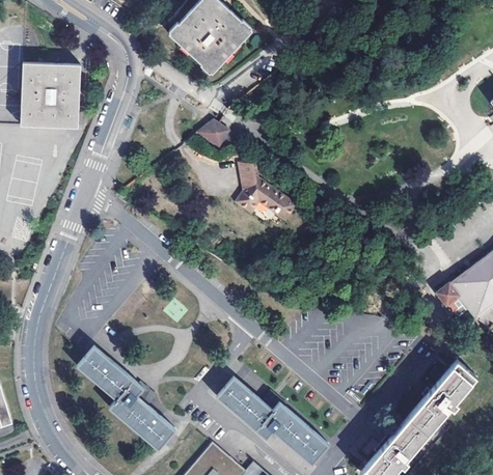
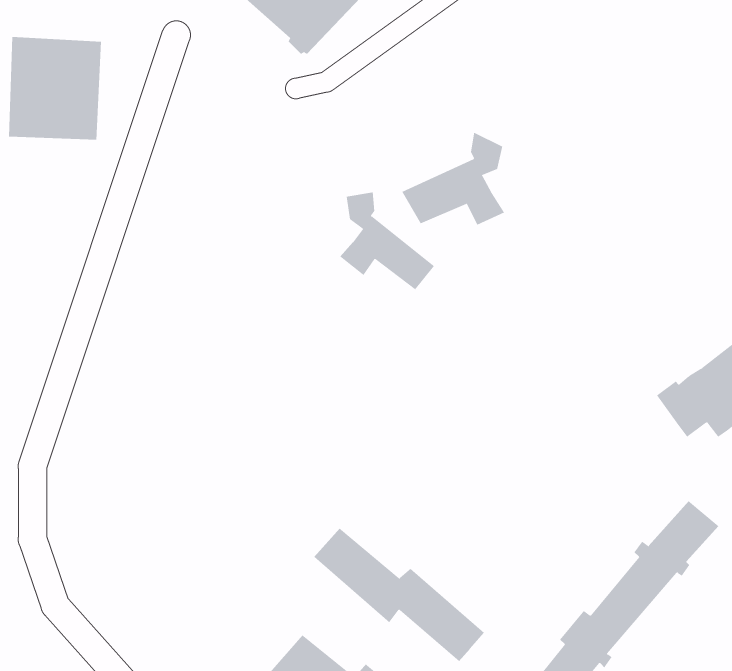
building: [198,120,229,147] -> none
building: none -> [401,132,505,226]
building: [78,345,175,449] -> none

